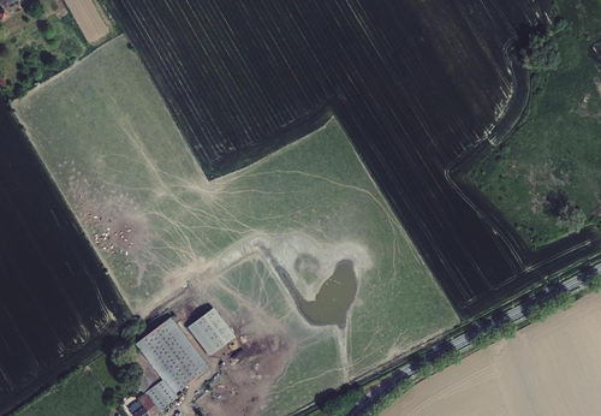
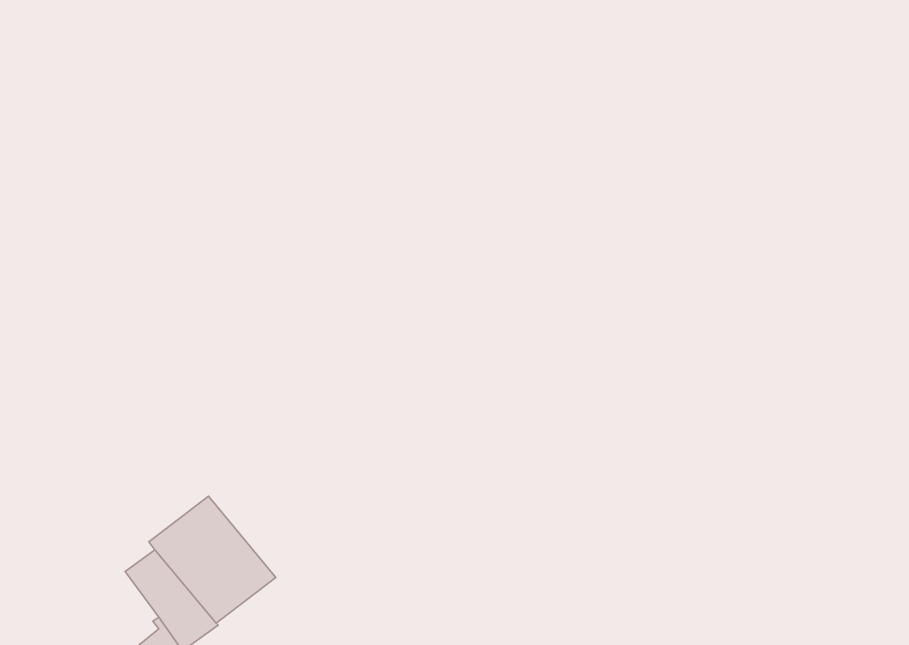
building: [189,303,236,352] -> none

